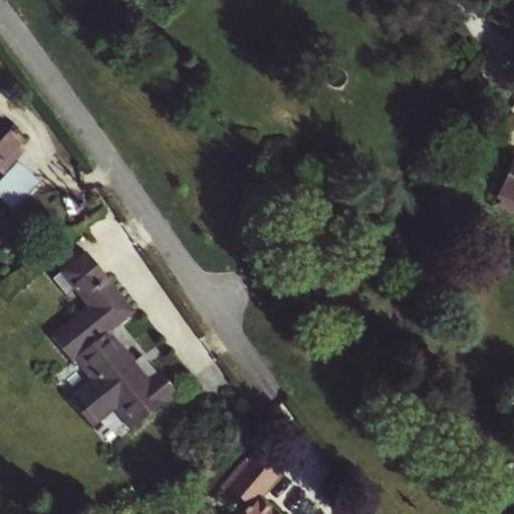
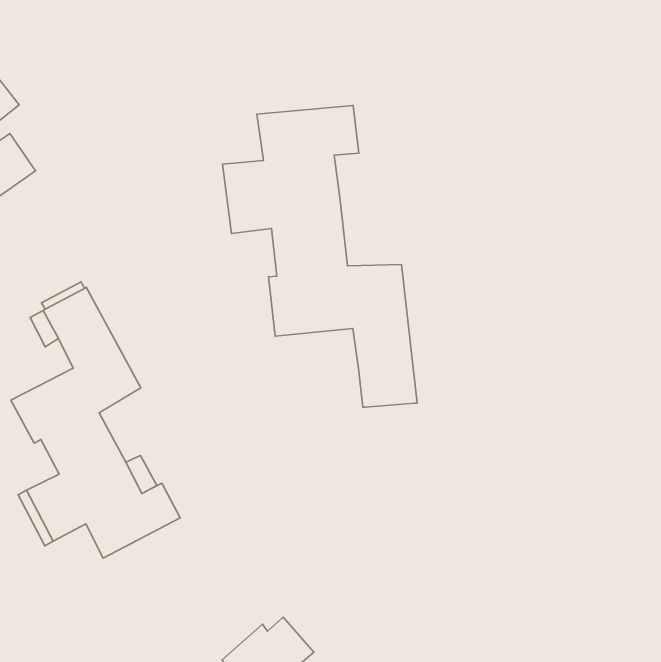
building: none -> [222,105,417,407]

